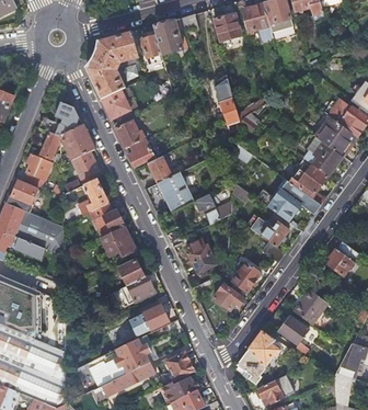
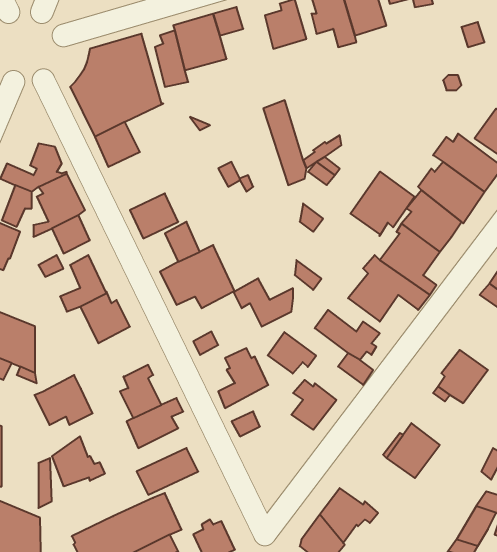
building: [114,118,147,147] -> none
building: none -> [350,172,414,236]
building: [97,224,136,257] -> [34,375,93,425]
building: [211,282,243,309] -> [268,332,316,374]
building: none -> [52,436,105,486]
building: [265,314,310,354] -> none

